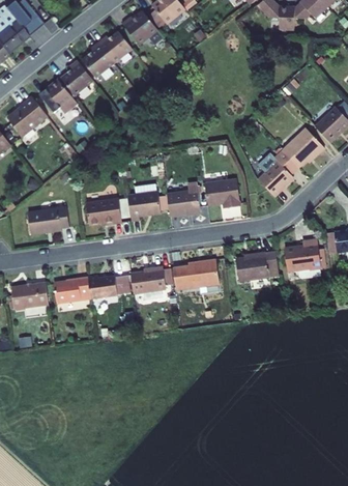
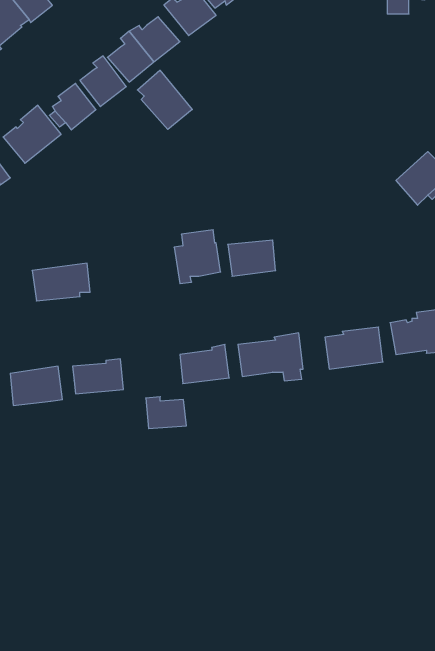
building: none -> [137,70,192,129]
building: [260,148,301,195] -> none
building: [204,179,241,209] -> none
building: [86,199,122,225] -> none
building: [89,275,118,297] -> [146,397,186,429]

